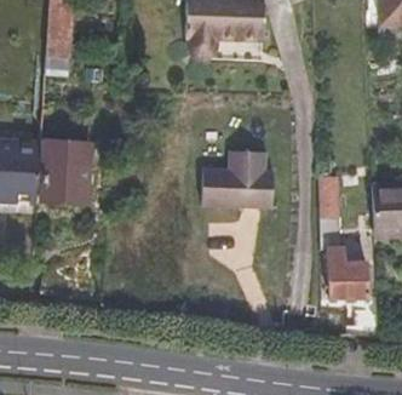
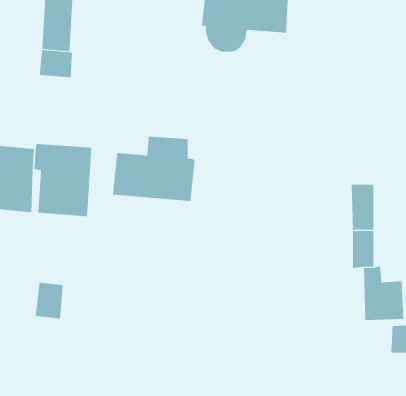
building: [197,154,271,212] -> [112,136,195,202]

